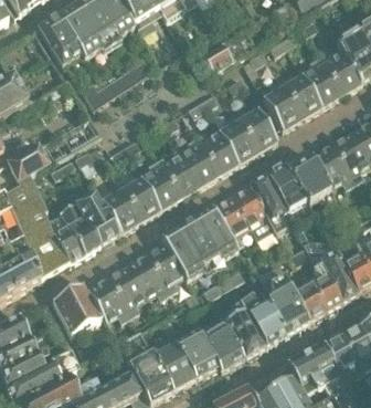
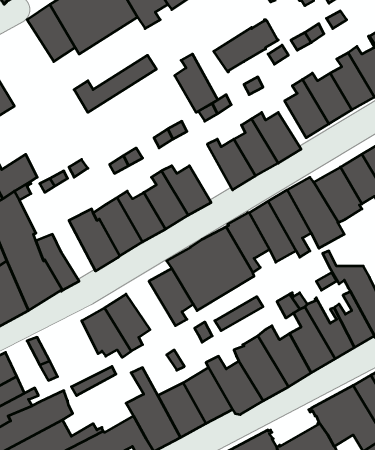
building: [182,134,220,185] -> [175,54,218,112]
building: [61,200,100,253] -> none
building: [127,253,170,296] -> none
building: [54,281,103,332] -> none

